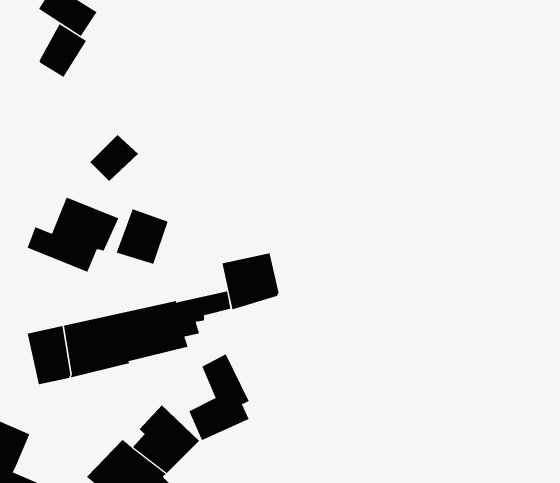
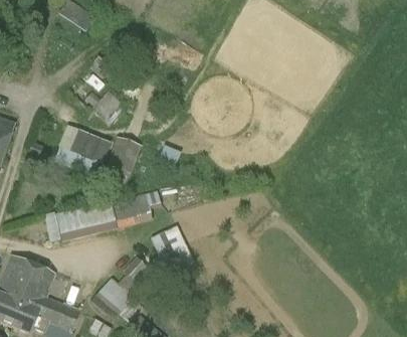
building: [39,23,87,78] -> none
building: [222,253,279,310] -> none

